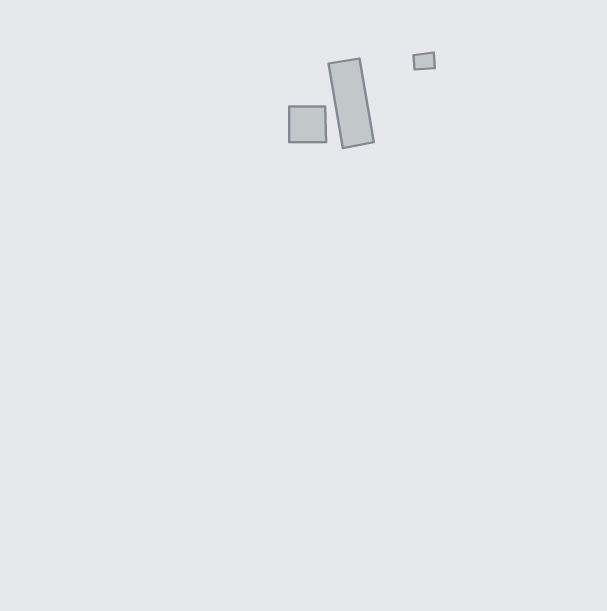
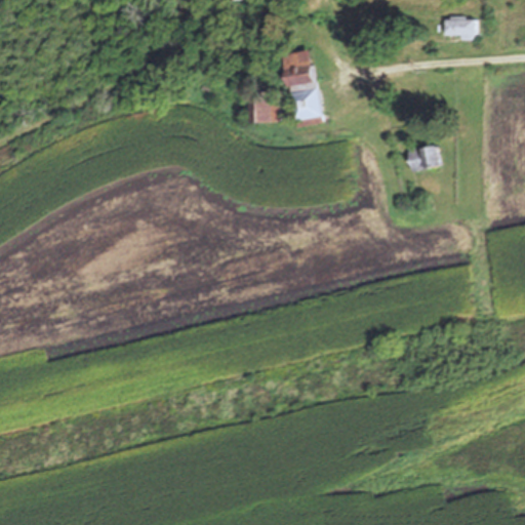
building: none -> [445,19,475,39]
building: none -> [407,140,442,171]

